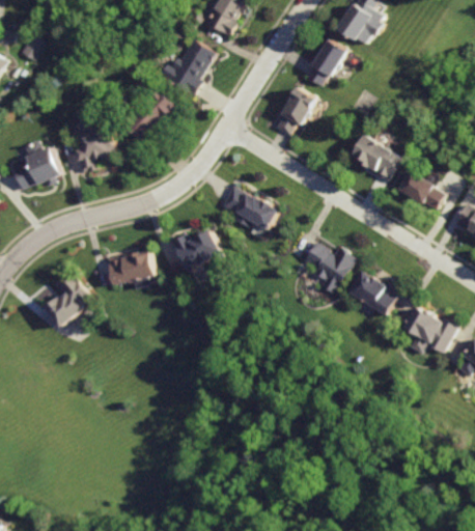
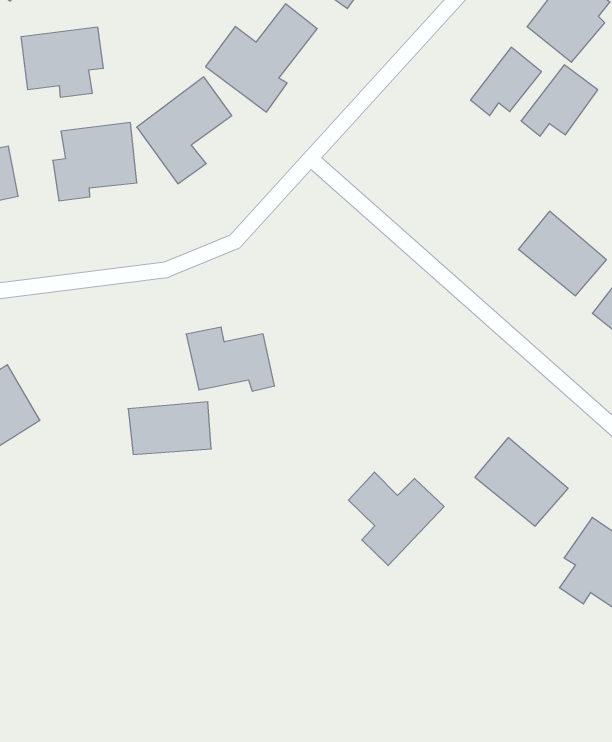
building: none -> [21,27,103,97]
building: [277,88,318,132] -> [521,65,598,136]
building: [224,188,274,230] -> none
building: [303,243,359,296] -> [348,472,444,566]
building: [100,250,151,287] -> [128,402,211,454]

